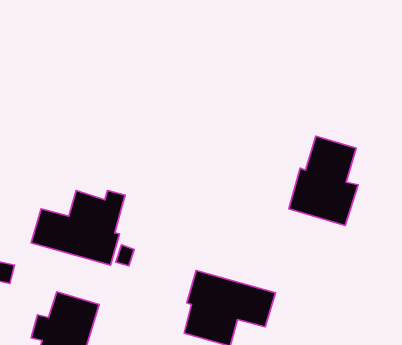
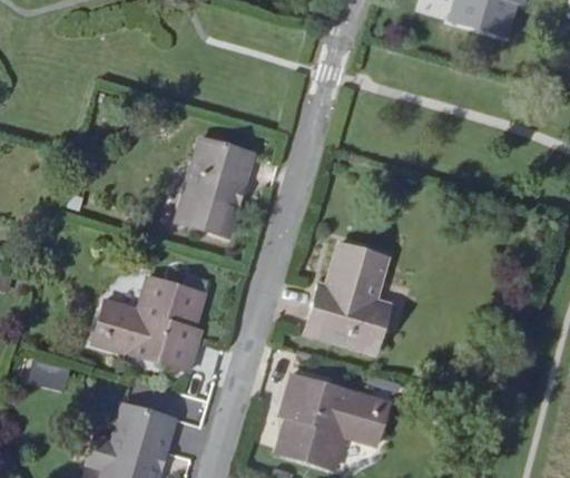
building: none -> [177,140,253,236]
building: [289,136,358,225] -> [306,245,390,353]

